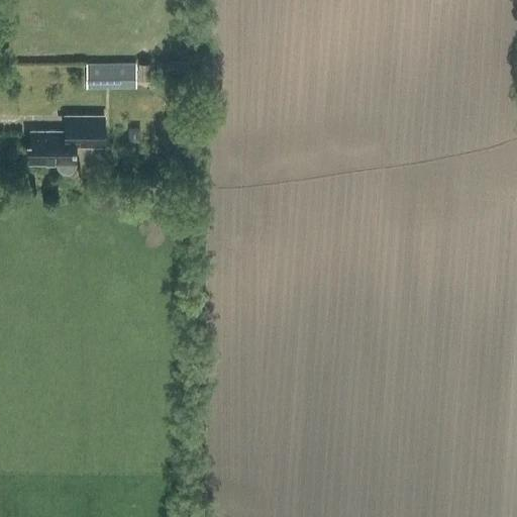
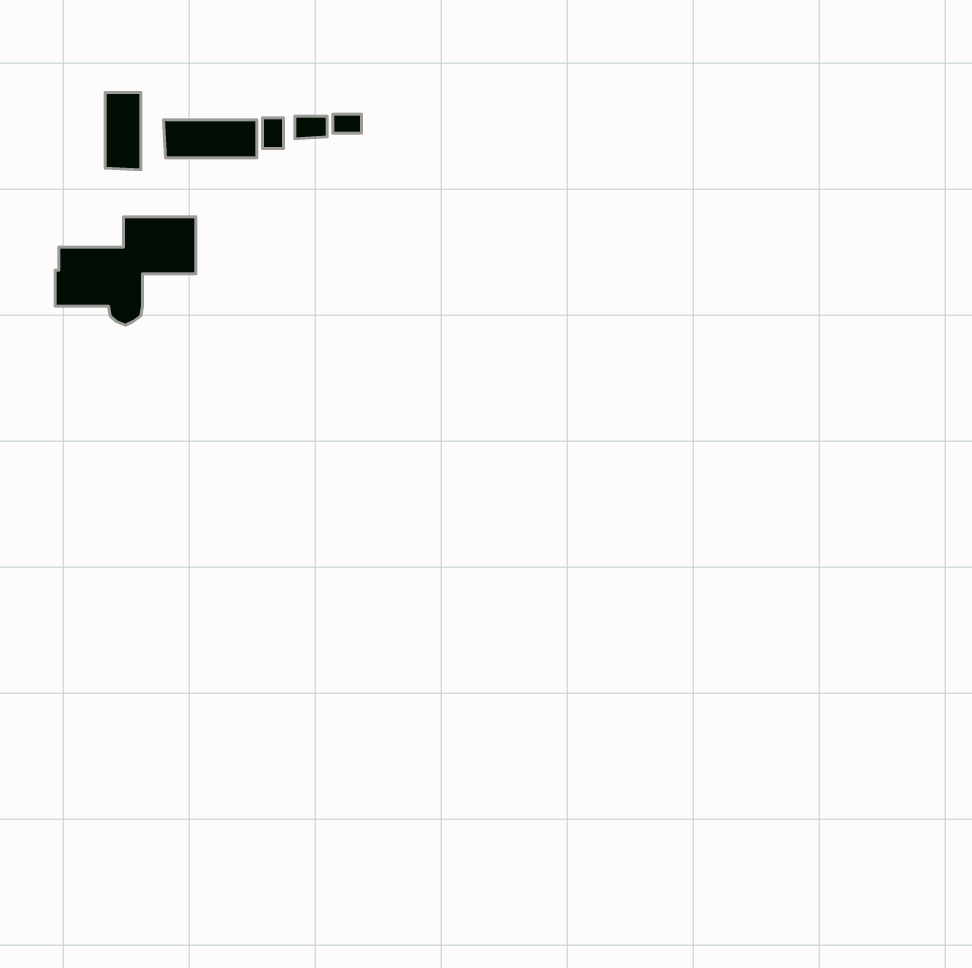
building: none -> [105,92,141,170]

